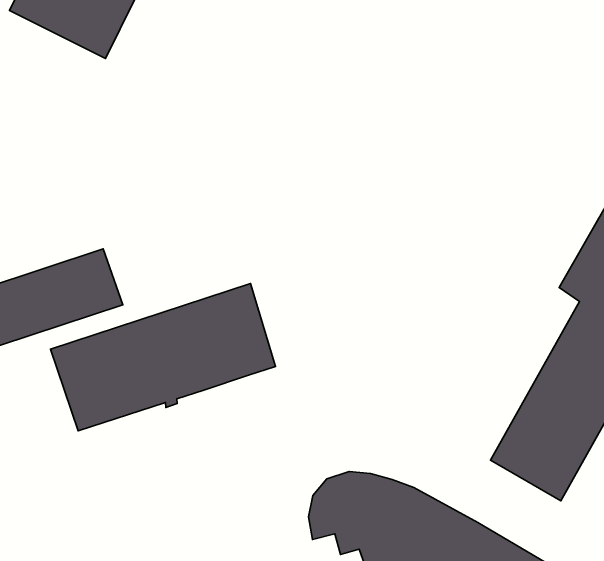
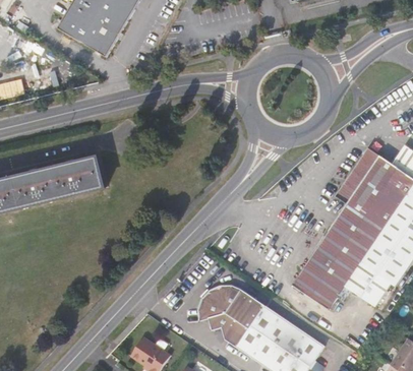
building: [50,283,276,431] -> none

